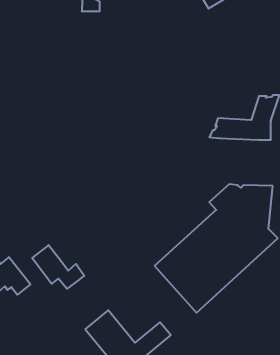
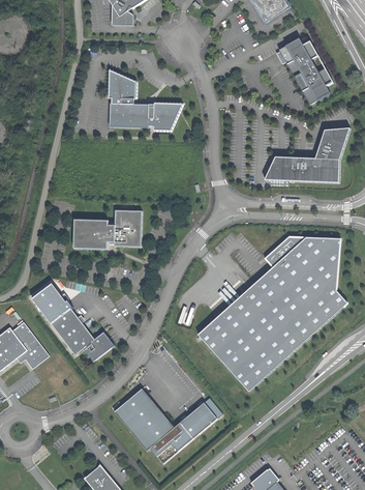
building: none -> [277,38,332,105]
building: none -> [108,71,181,132]
building: none -> [73,209,142,248]
building: none -> [31,284,71,324]

